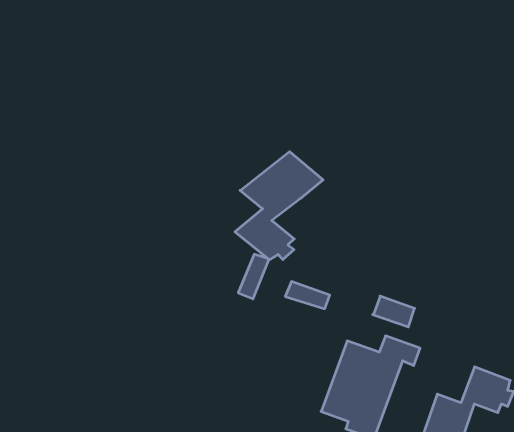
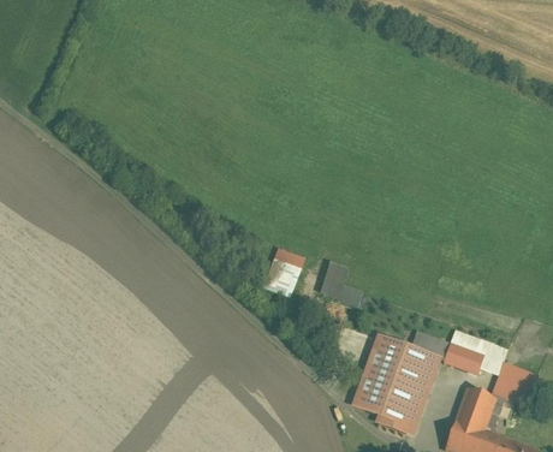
building: [235,152,323,260] -> none
building: [373,296,415,327] -> [442,343,483,373]

